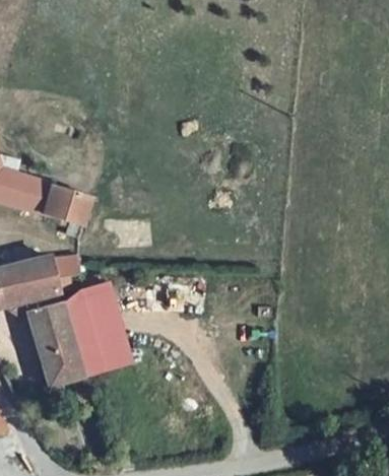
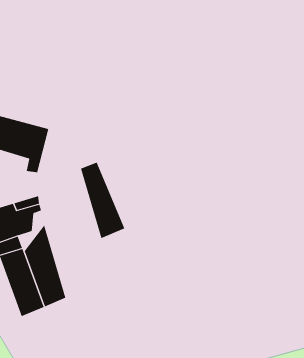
building: [76,284,125,367] -> [80,162,125,239]

